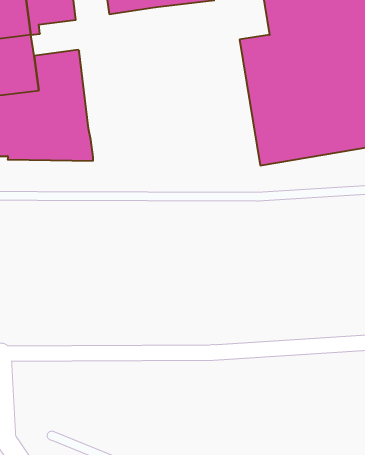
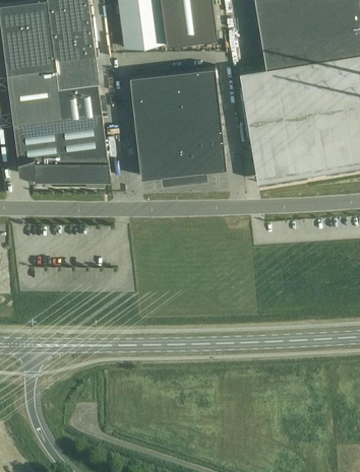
building: none -> [55,58,99,89]
building: none -> [129,71,226,182]

